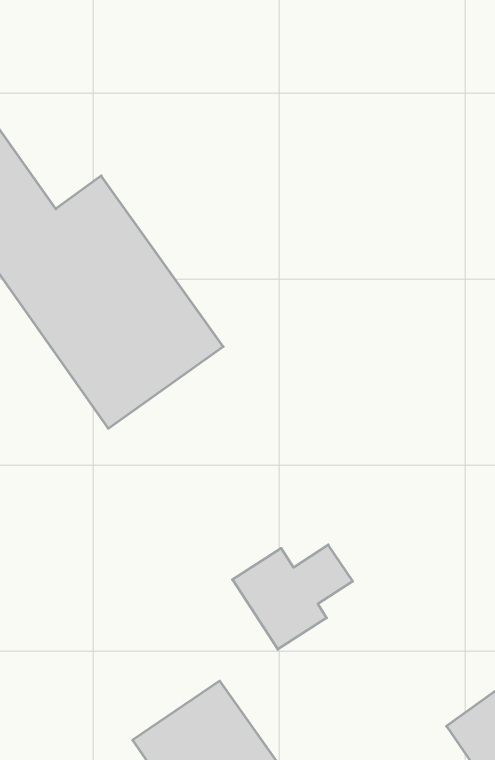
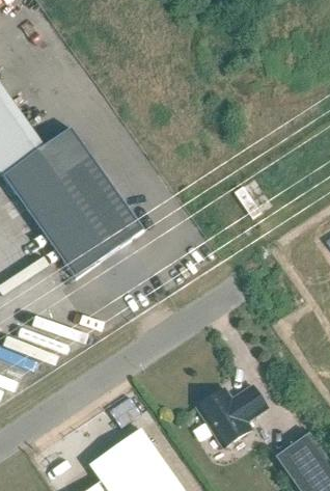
building: [232,545,353,649] -> [198,387,270,449]

